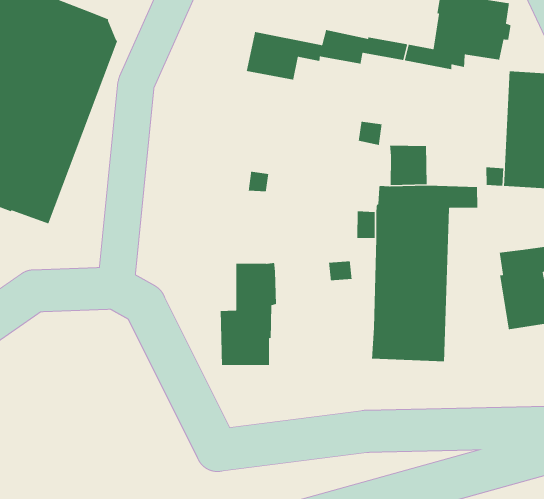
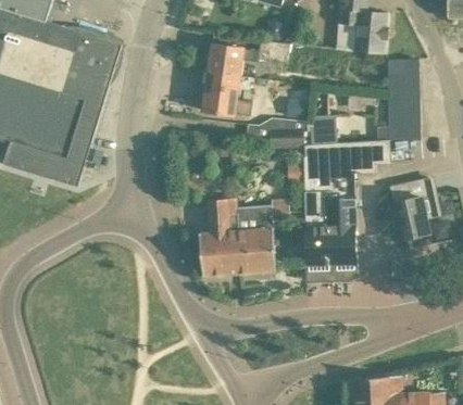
building: none -> [201,72,251,115]
building: none -> [242,118,303,148]
building: none -> [235,206,275,274]

